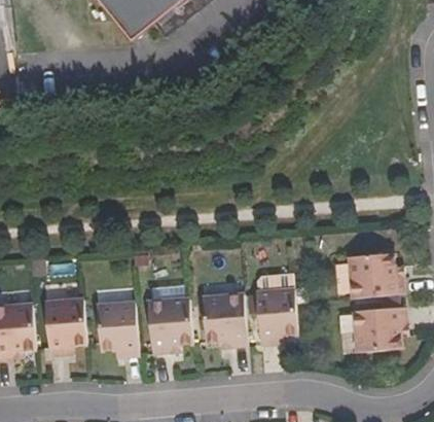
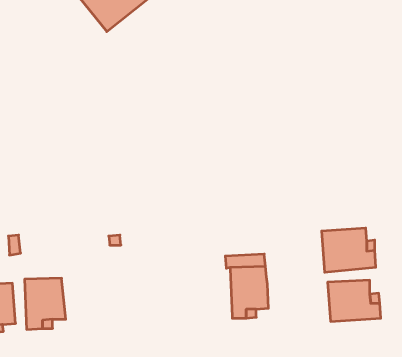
building: [204,289,246,340] -> none
building: [149,292,192,345] -> none
building: [98,296,138,349] -> none

